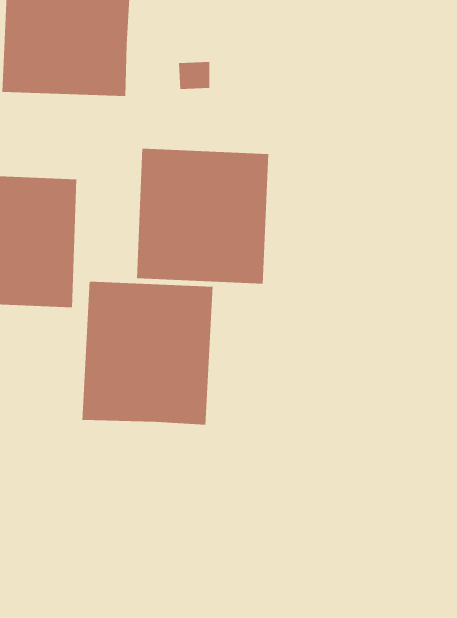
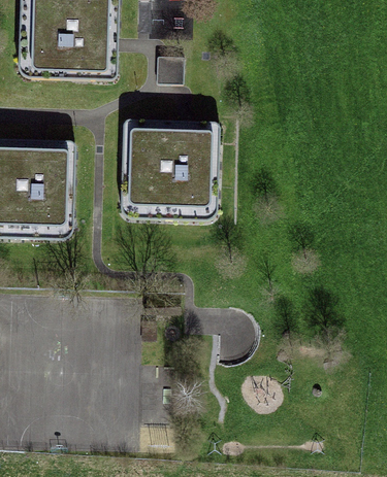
building: [82,281,213,426] -> none

